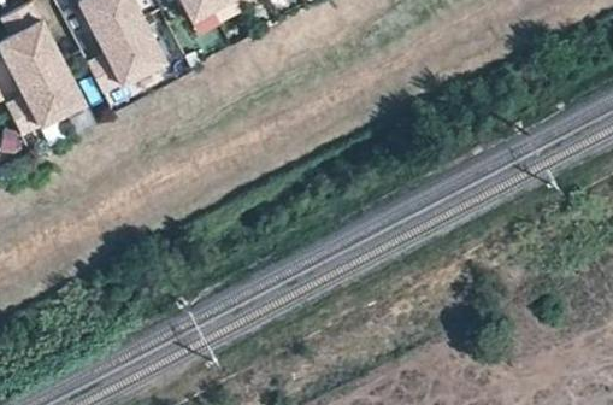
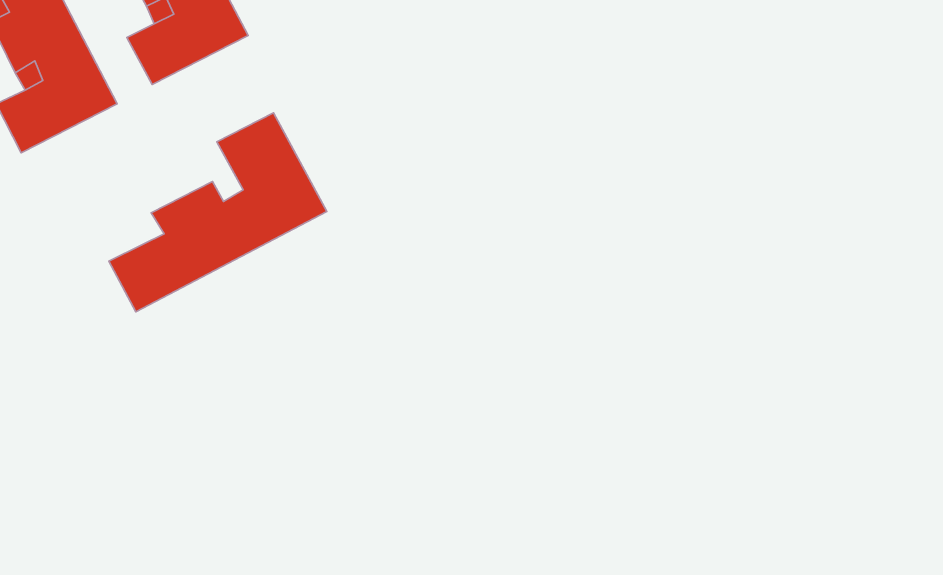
building: none -> [109,113,327,312]

